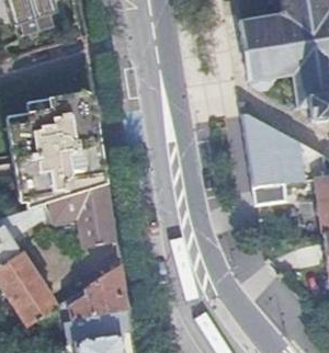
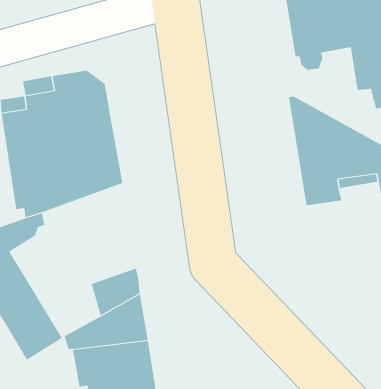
building: [41,182,115,249] -> none

